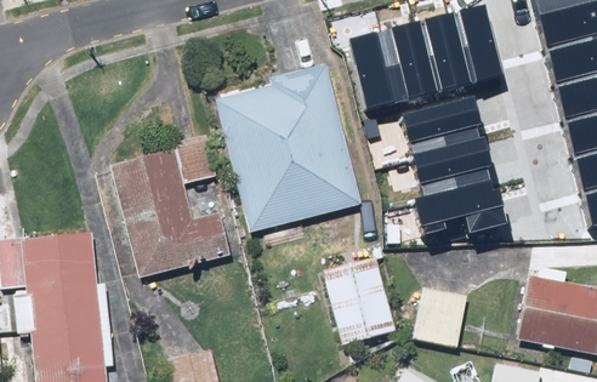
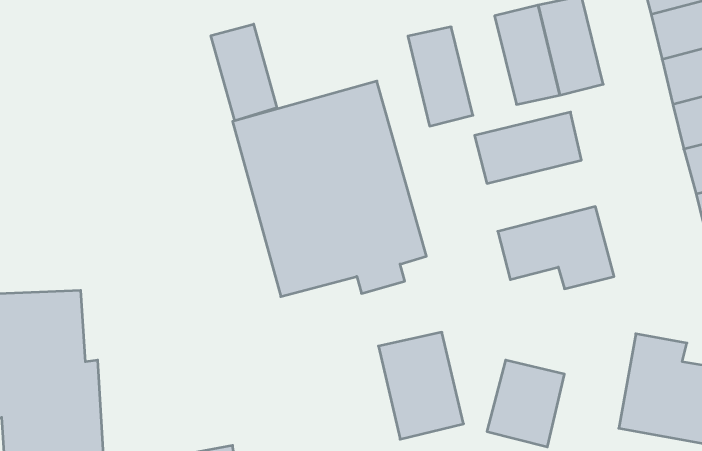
building: [382,16,433,93] -> none
building: none -> [211,24,277,121]
building: [410,129,495,184] -> none
building: [102,146,227,283] -> none

